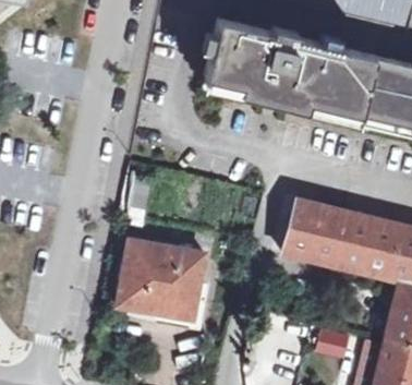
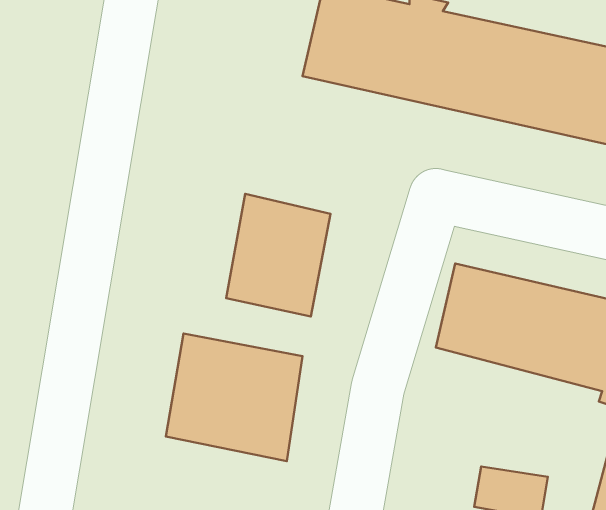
building: none -> [226,194,330,316]

